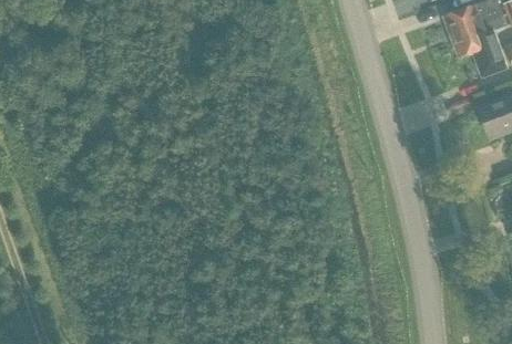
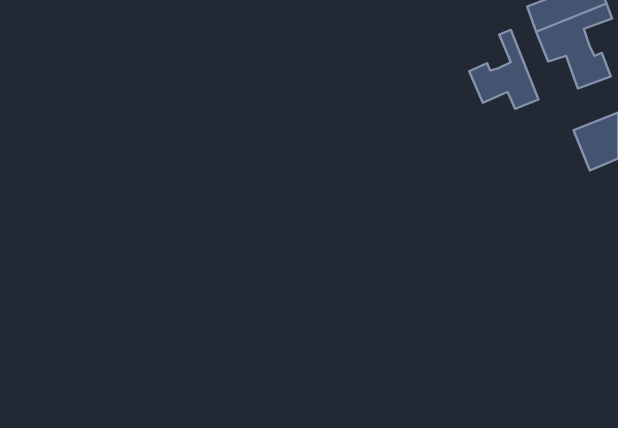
building: none -> [469,30,538,109]

